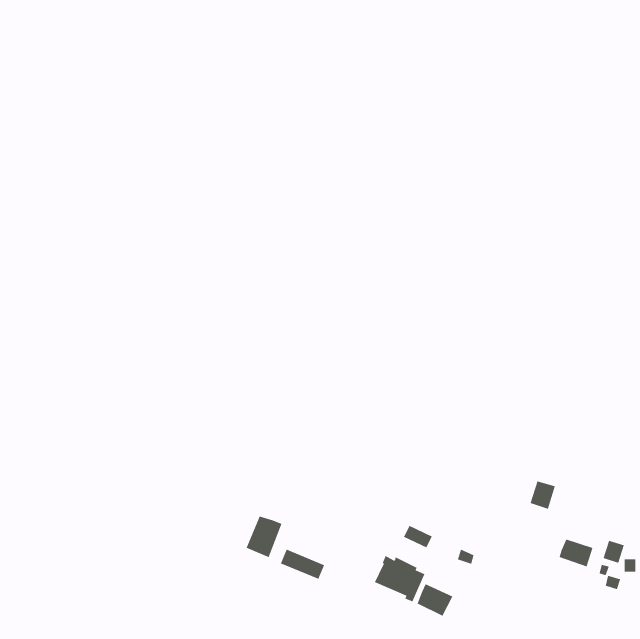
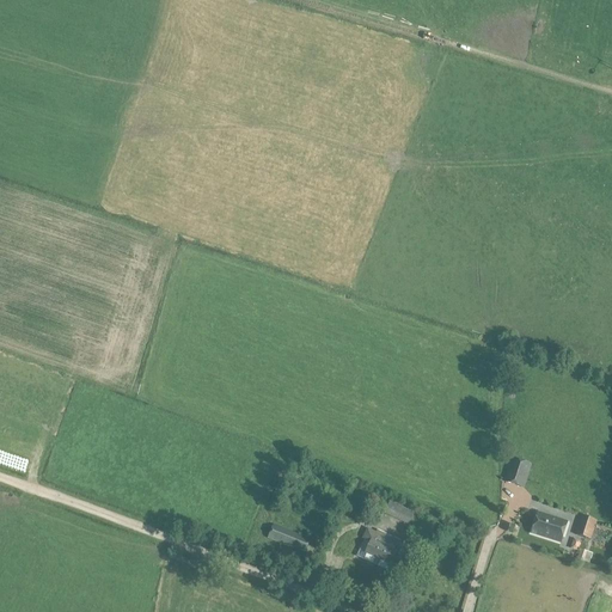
building: [245,515,283,558] -> none
building: [417,583,453,617] -> none

